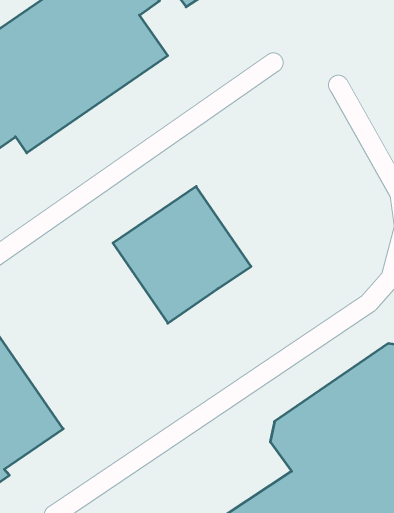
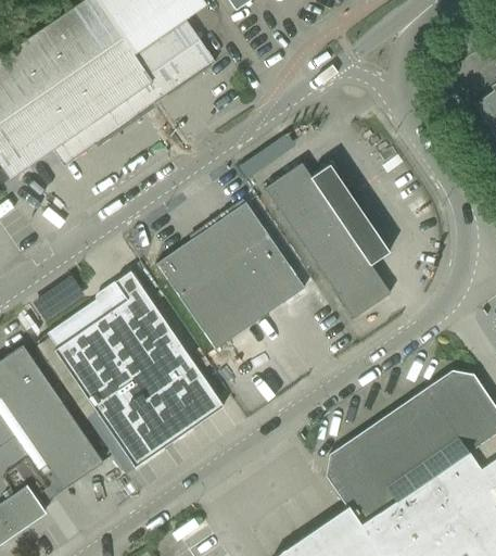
building: none -> [264,162,390,317]
building: none -> [47,270,224,467]

